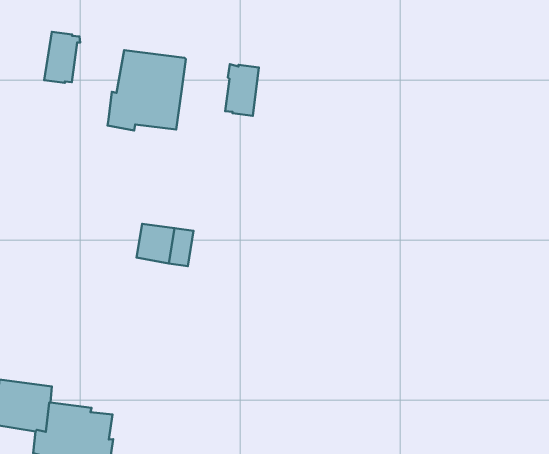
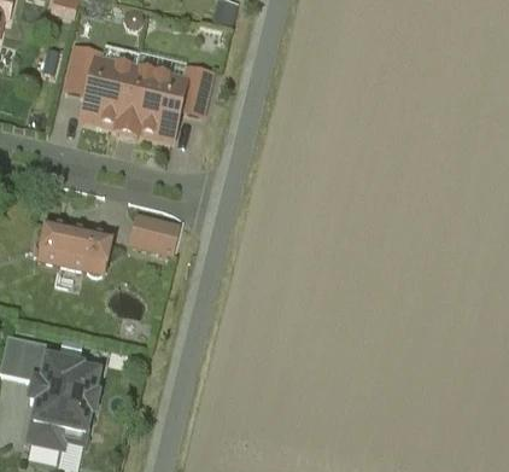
building: none -> [81,58,134,124]
building: [225,64,259,116] -> [179,68,210,112]
building: none -> [37,218,111,273]

